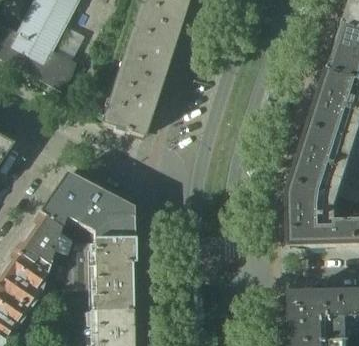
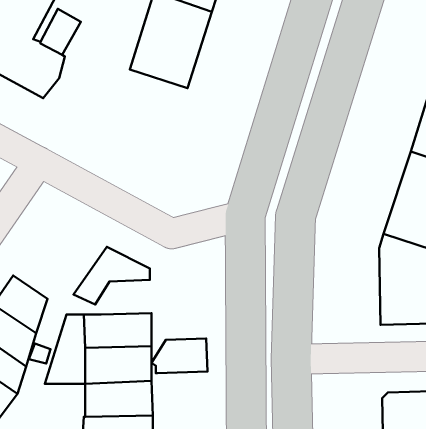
building: [101,68,158,135] -> none
building: [37,171,102,227] -> none
building: [94,214,133,238] -> [151,338,208,373]

